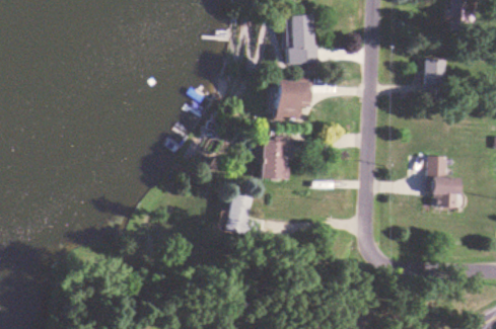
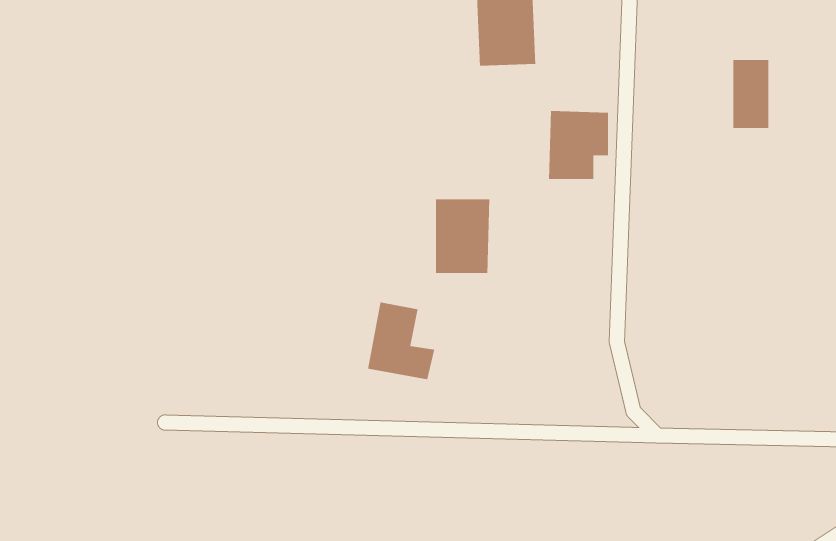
building: [276,79,309,117] -> [548,110,609,180]
building: [429,155,463,208] -> none

